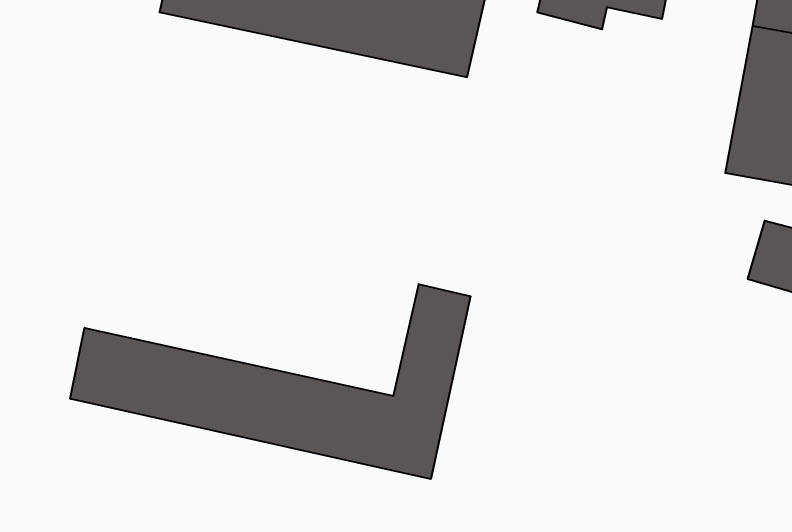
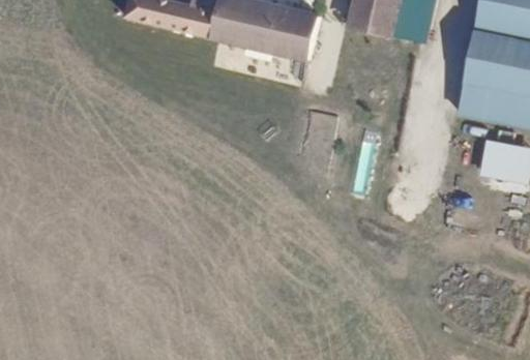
building: [70,284,471,479] -> none

